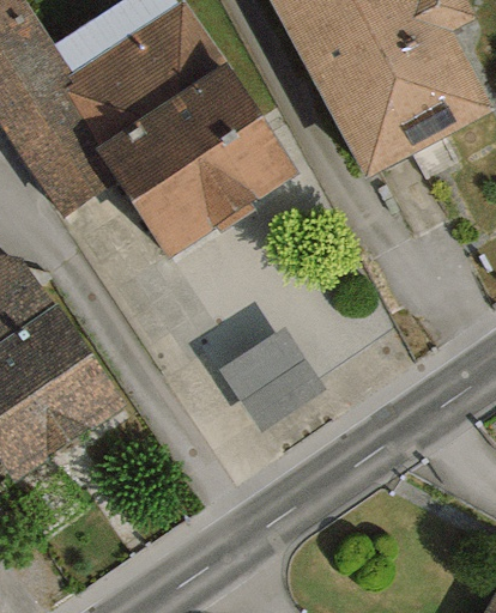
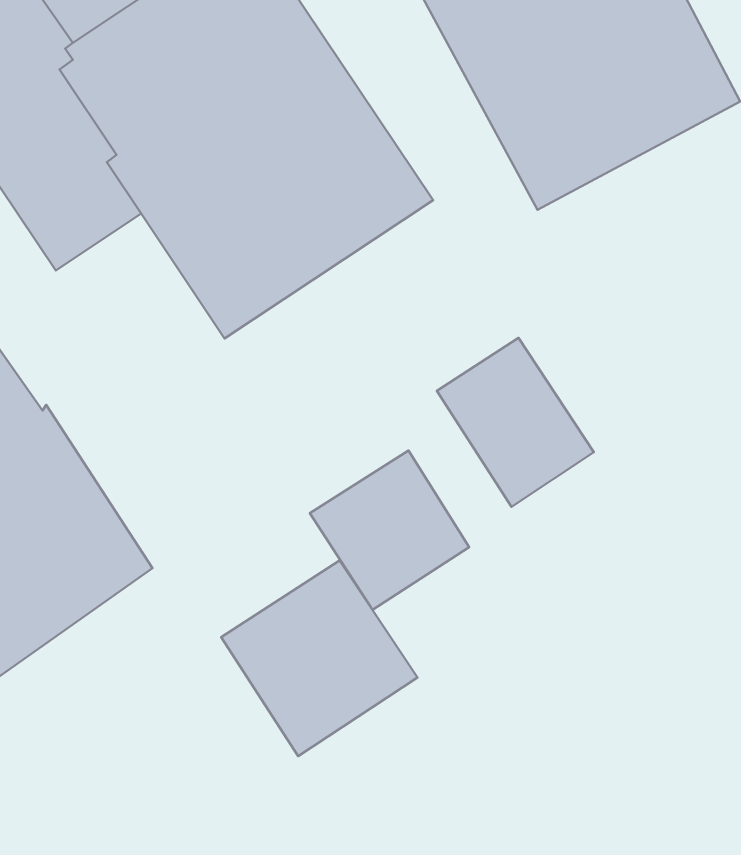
building: none -> [437,338,594,507]
building: none -> [221,560,418,756]

